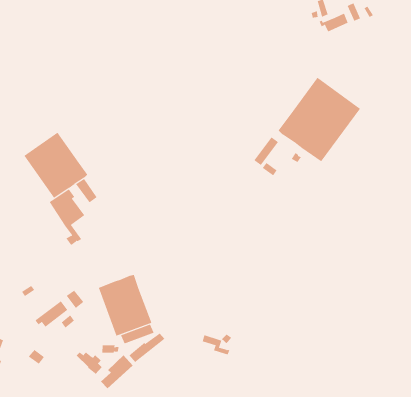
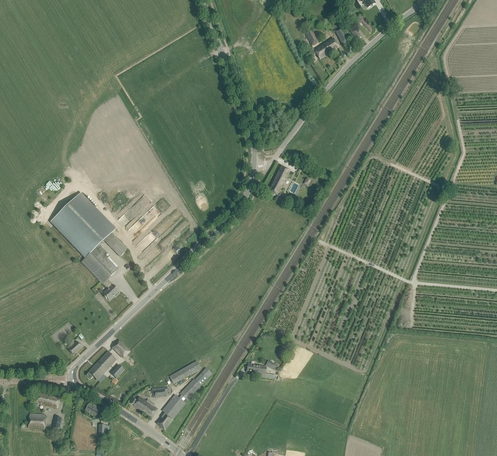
building: [278,77,361,162] -> none
building: [98,274,152,336] -> none

